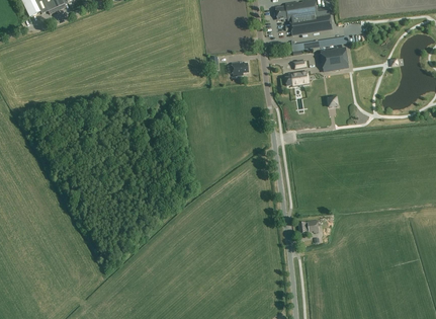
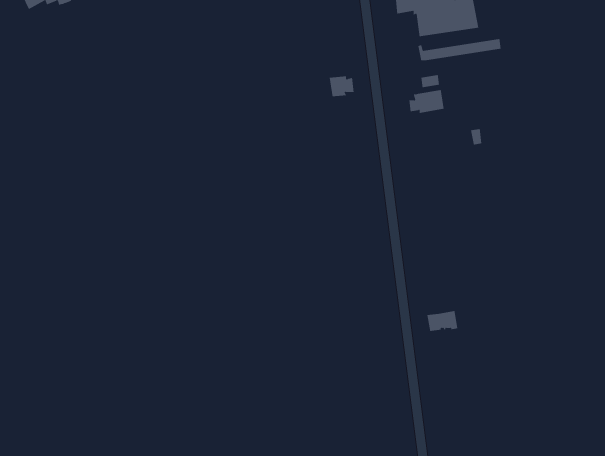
building: [321,47,349,71] -> none

